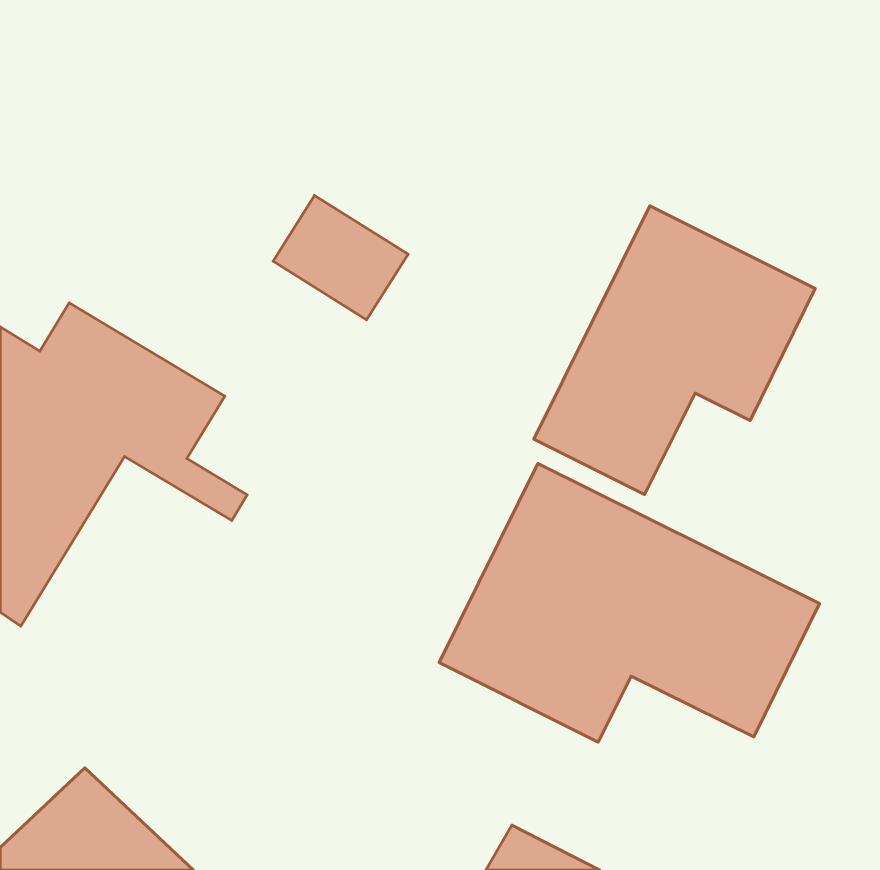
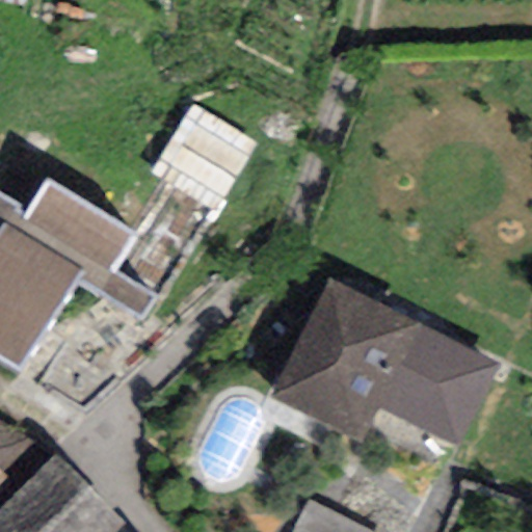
building: [534,206,815,495] -> none

